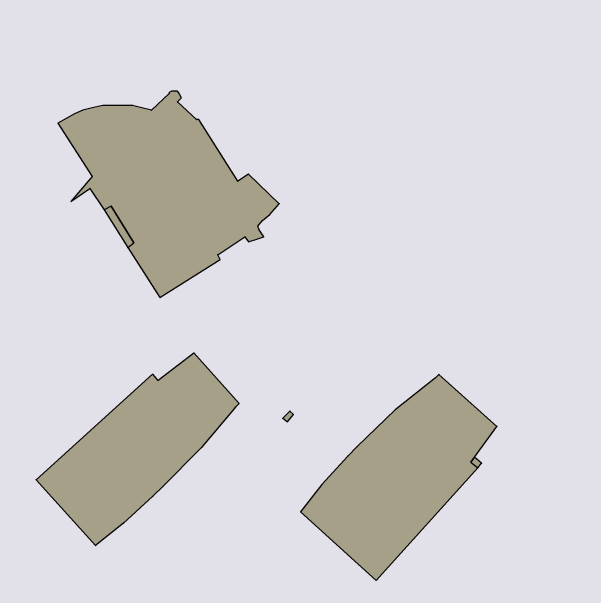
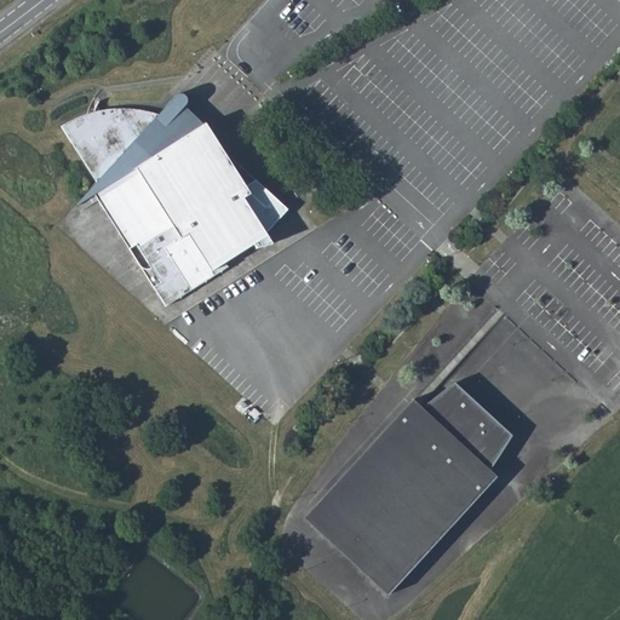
building: [36,353,239,546] -> none

